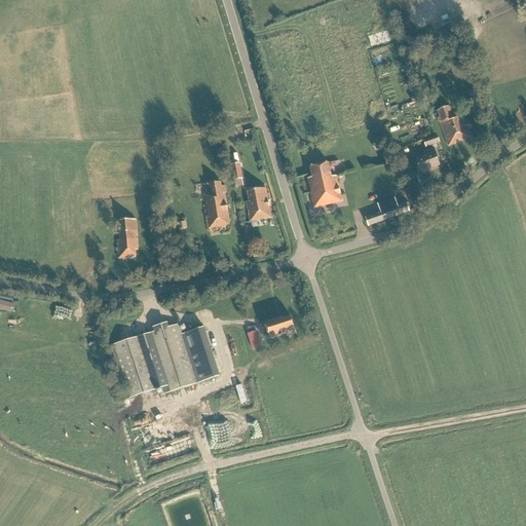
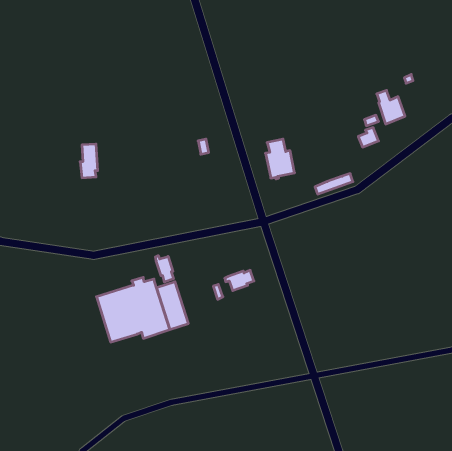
building: [203,181,230,227] -> none
building: [246,186,272,221] -> none
building: [117,218,138,257] -> [80,144,98,178]
building: none -> [155,256,173,282]

